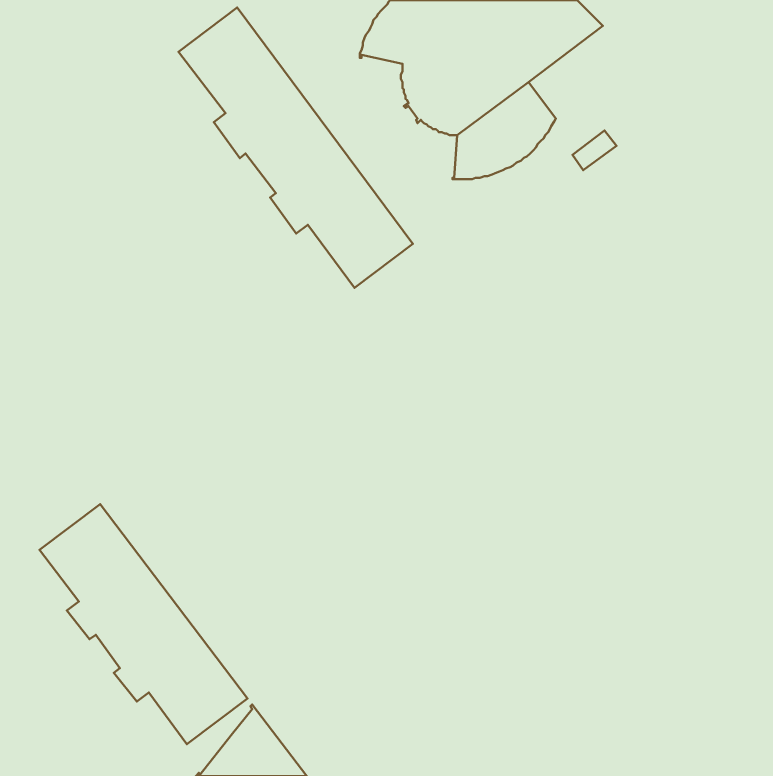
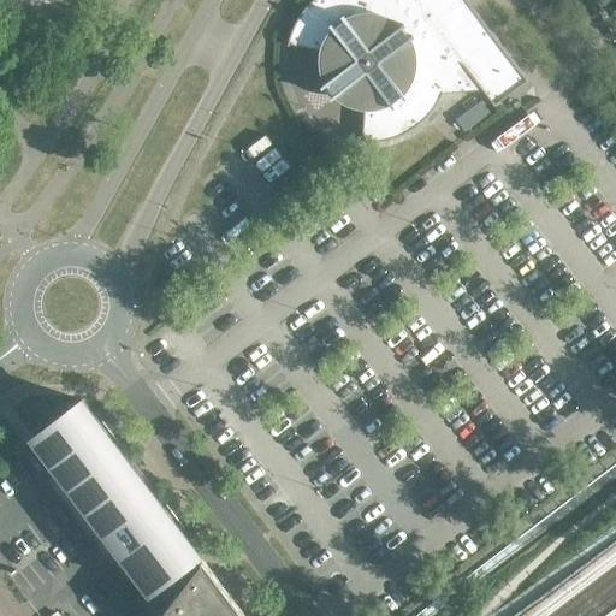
building: [179,8,413,288] -> none
building: none -> [419,20,526,106]

